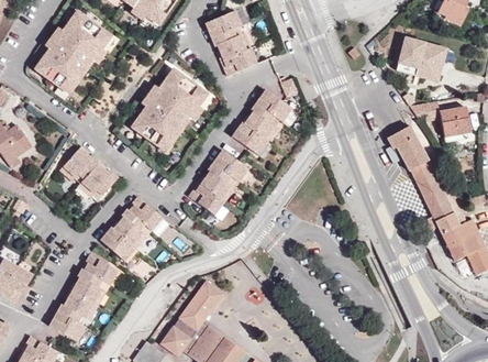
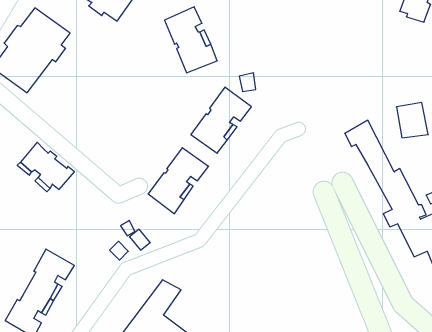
building: [397,40,445,80] -> none
building: [127,75,206,161] -> none
building: [98,196,159,260] -> none

